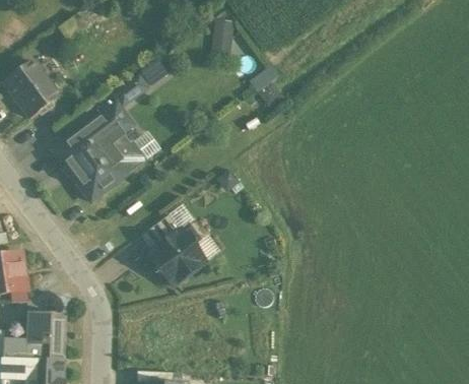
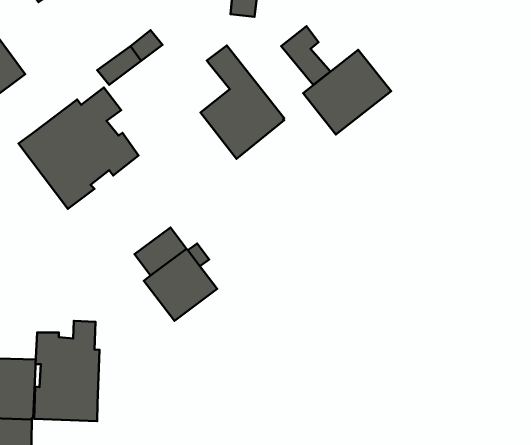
building: none -> [201,46,284,159]
building: none -> [303,50,391,135]
building: none -> [34,321,100,421]

